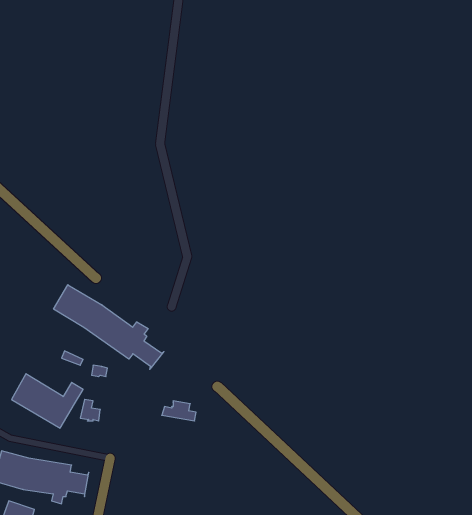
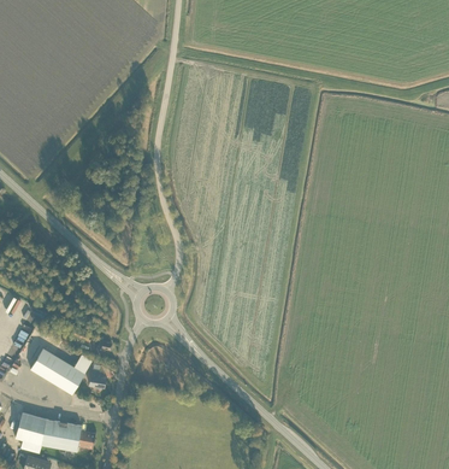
building: [54,285,164,369] -> none

